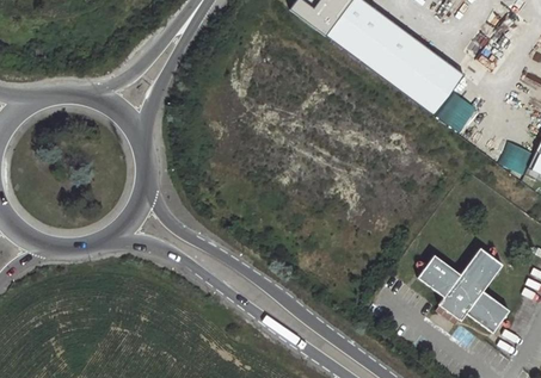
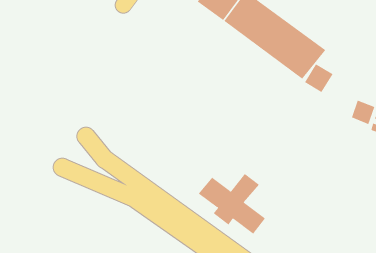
building: [417,250,509,333] -> [198,173,266,234]

